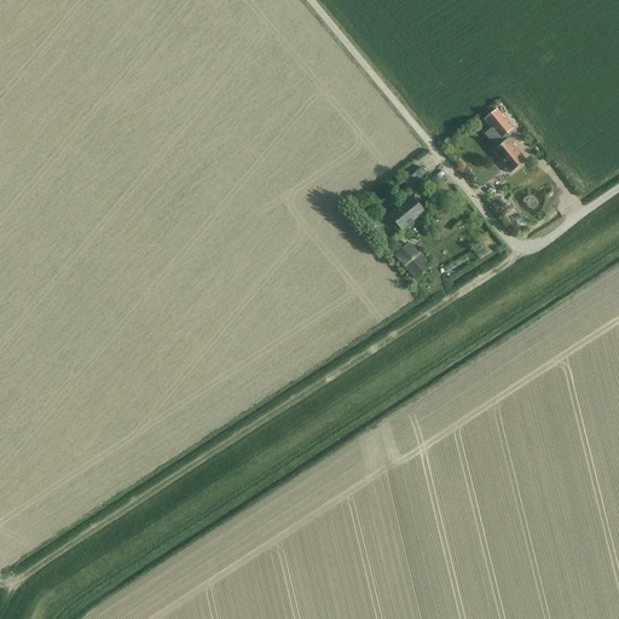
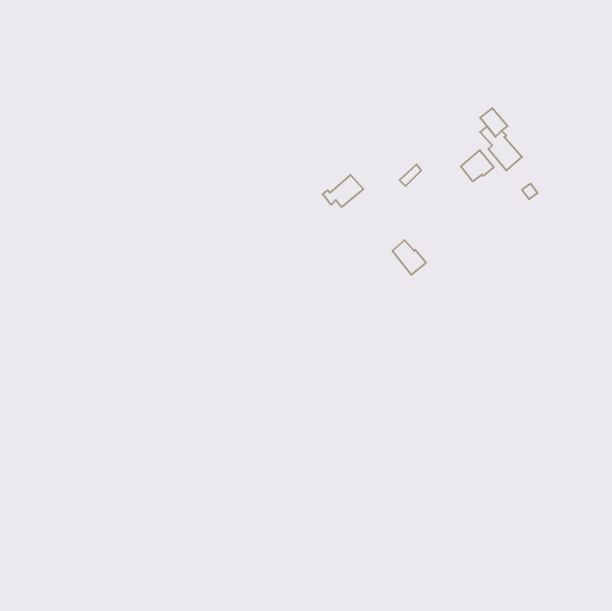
building: none -> [461,150,494,181]
building: [384,195,426,227] -> [323,175,364,207]

